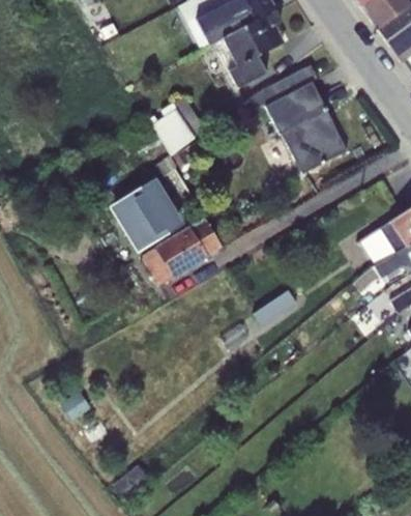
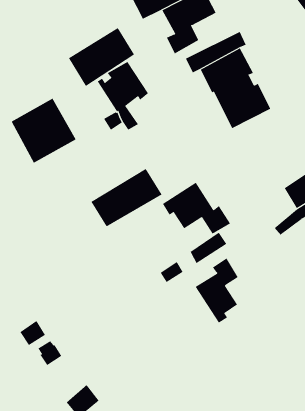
building: none -> [68,27,135,87]
building: [109,177,183,252] -> [11,98,76,163]
building: none -> [162,182,231,234]
building: none -> [195,258,238,323]

